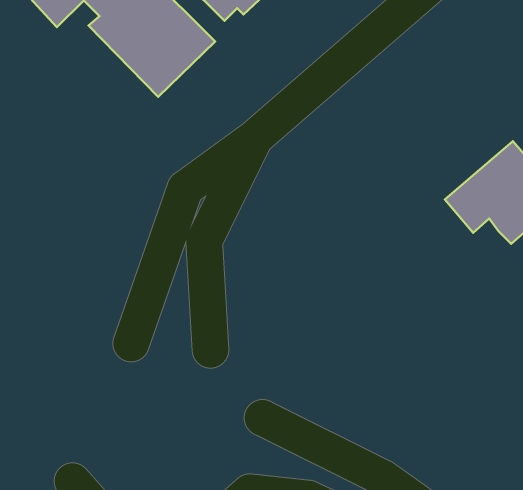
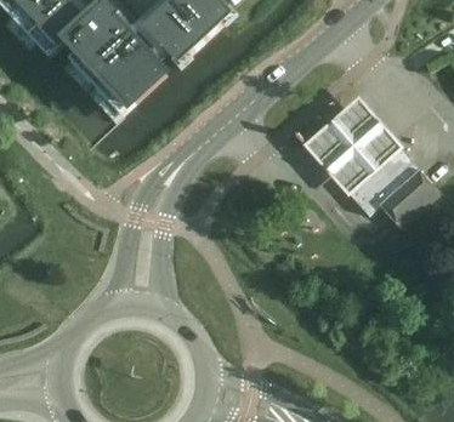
building: none -> [303,97,398,190]

